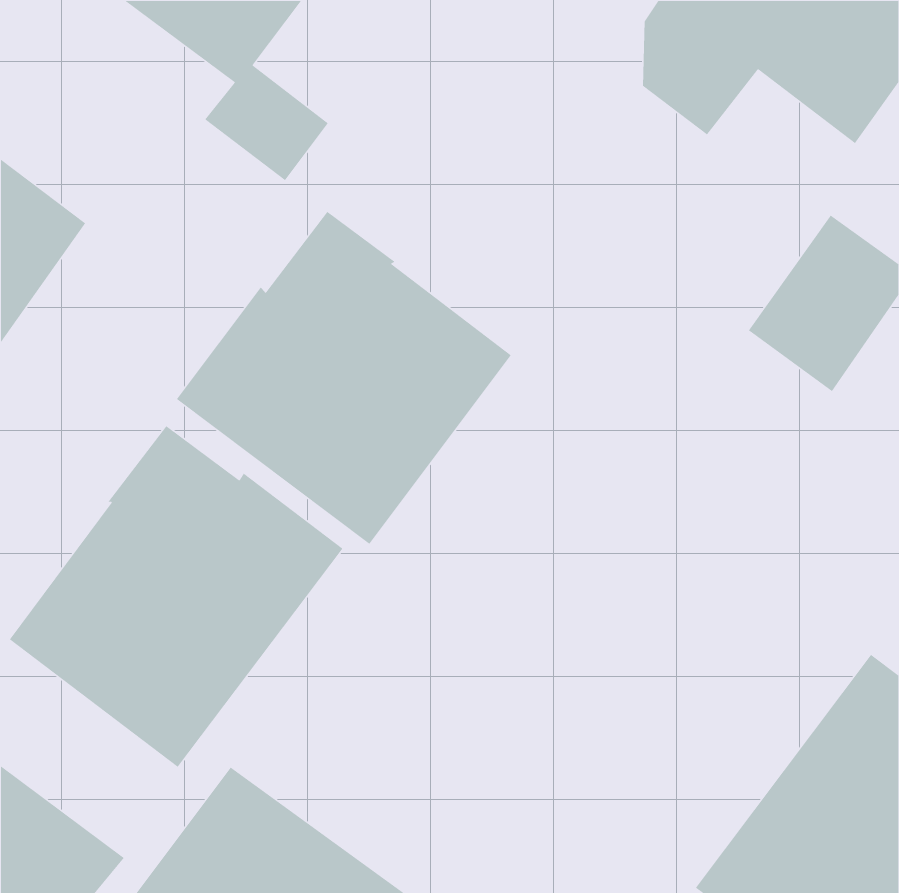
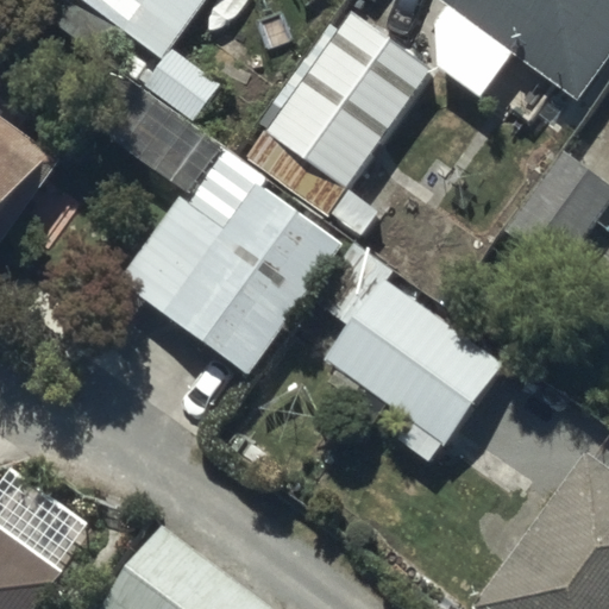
building: none -> [238,13,431,239]
building: none -> [324,274,532,469]
building: [9,425,344,768] -> none

